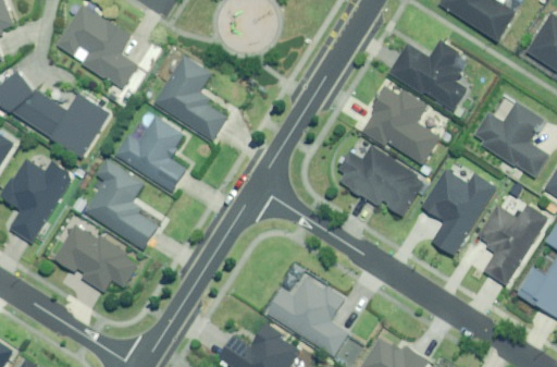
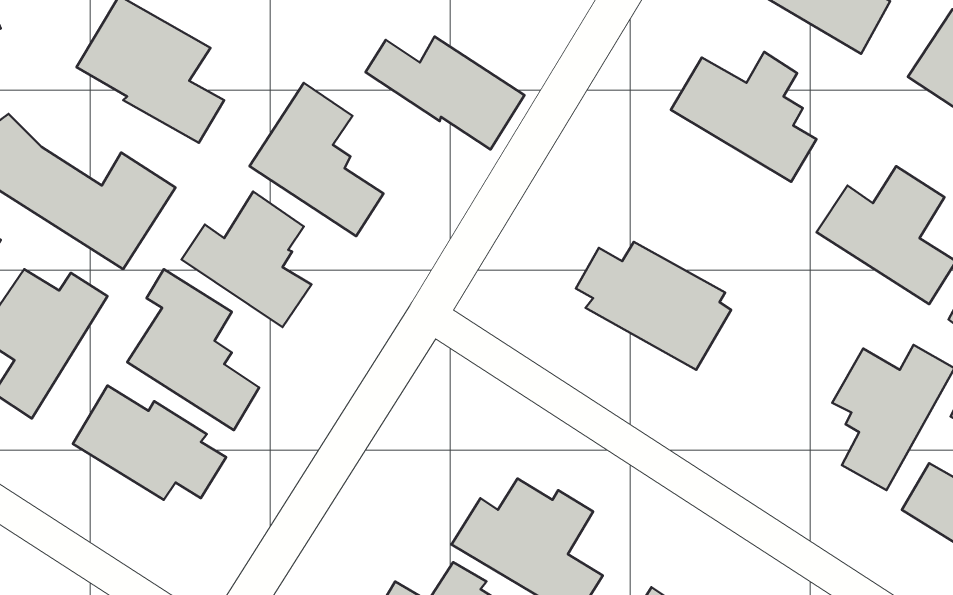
building: none -> [366,36,525,150]
building: [360,87,442,162] -> none
building: [422,168,497,254] -> none

